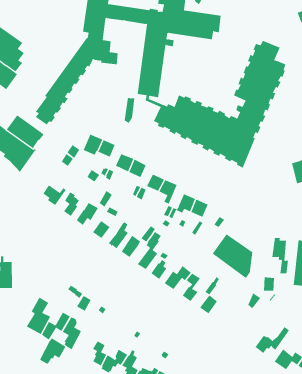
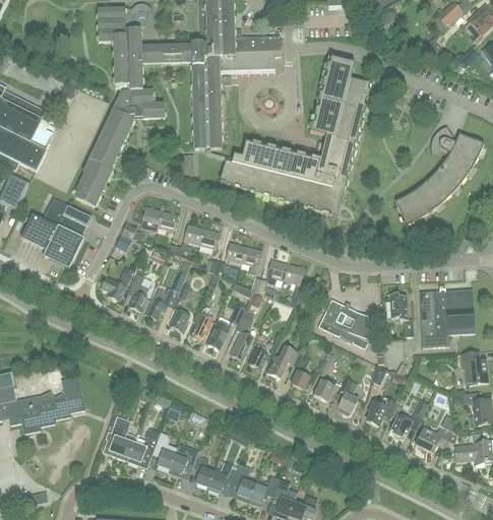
building: none -> [338,378,358,414]
building: none -> [366,397,396,426]
building: [39,338,67,365] -> [169,443,199,476]

